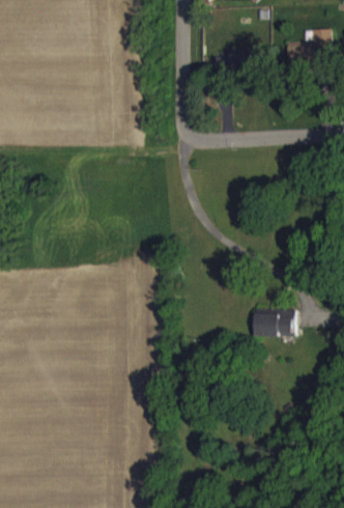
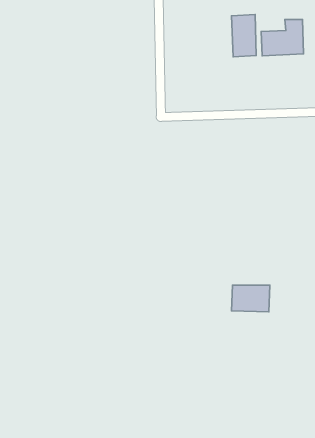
building: none -> [232,15,256,57]

